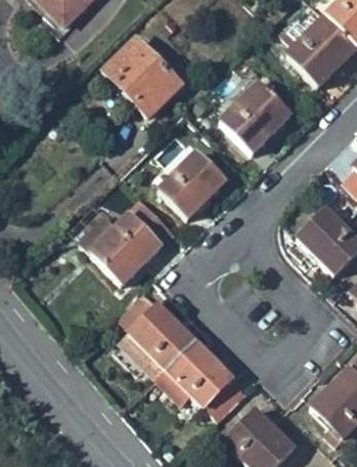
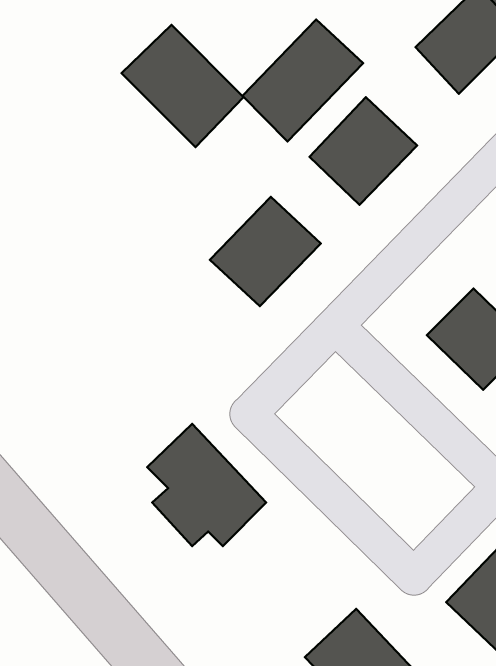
building: none -> [242,19,363,141]
building: [76,213,162,285] -> none
building: [158,341,250,426] -> none

